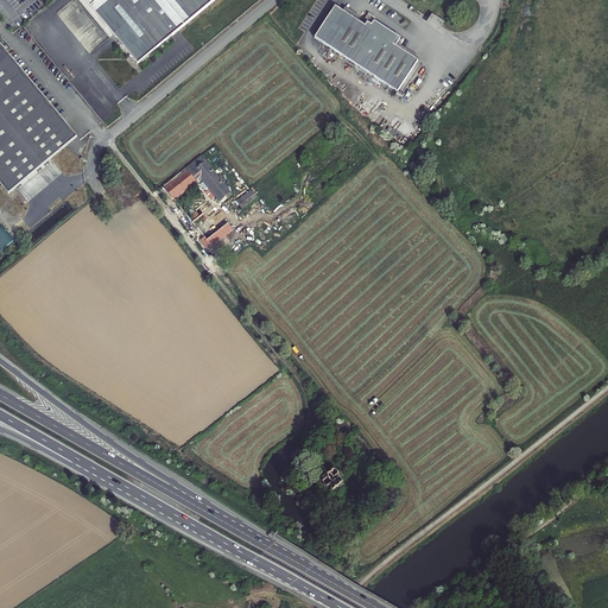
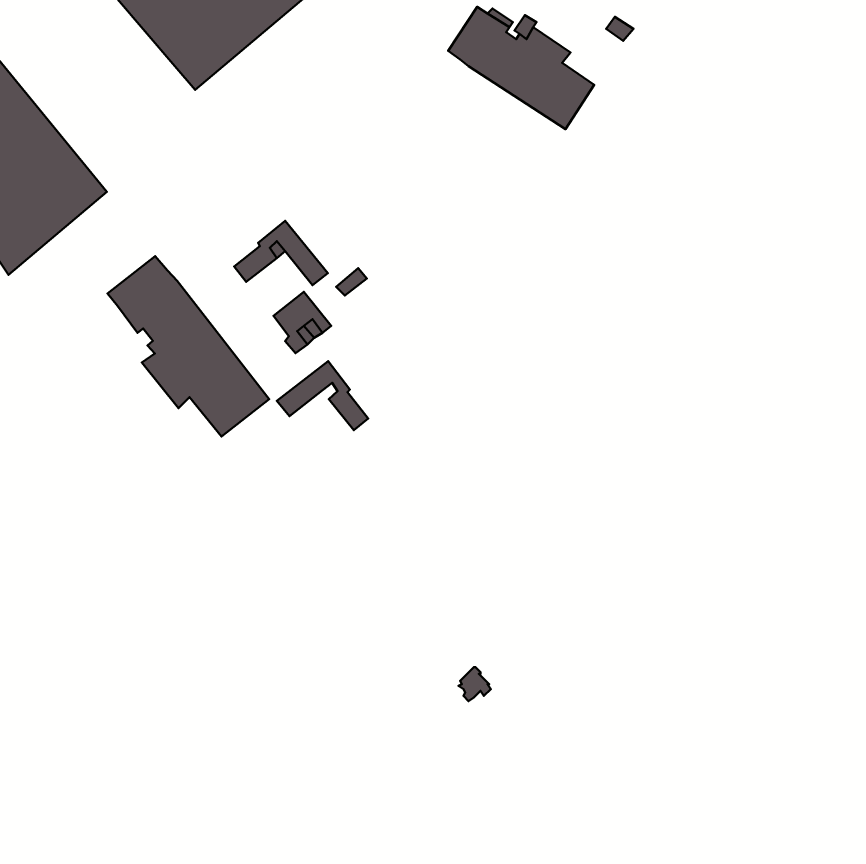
building: none -> [108,256,269,437]
building: none -> [277,361,368,430]

